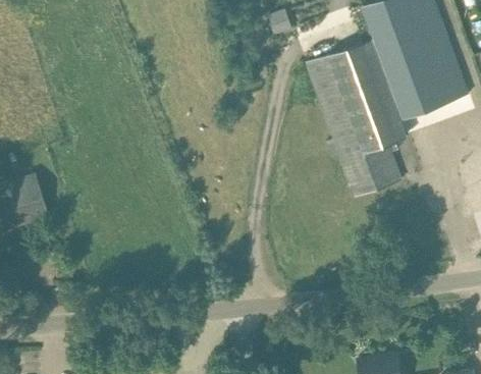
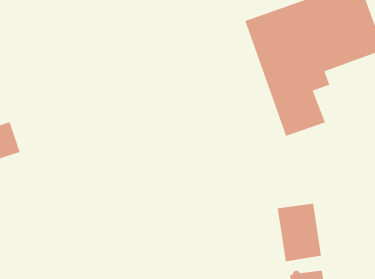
building: none -> [277,203,321,262]

